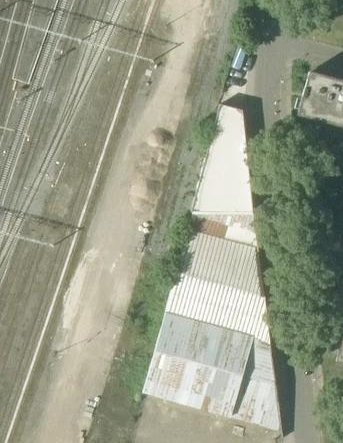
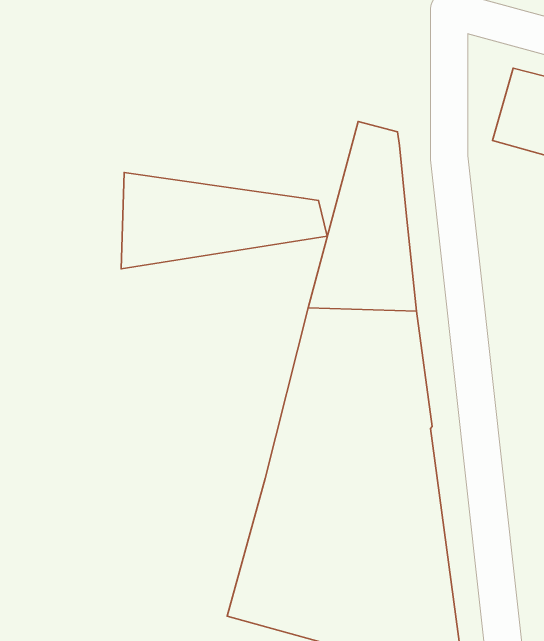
building: none -> [121,172,327,269]

